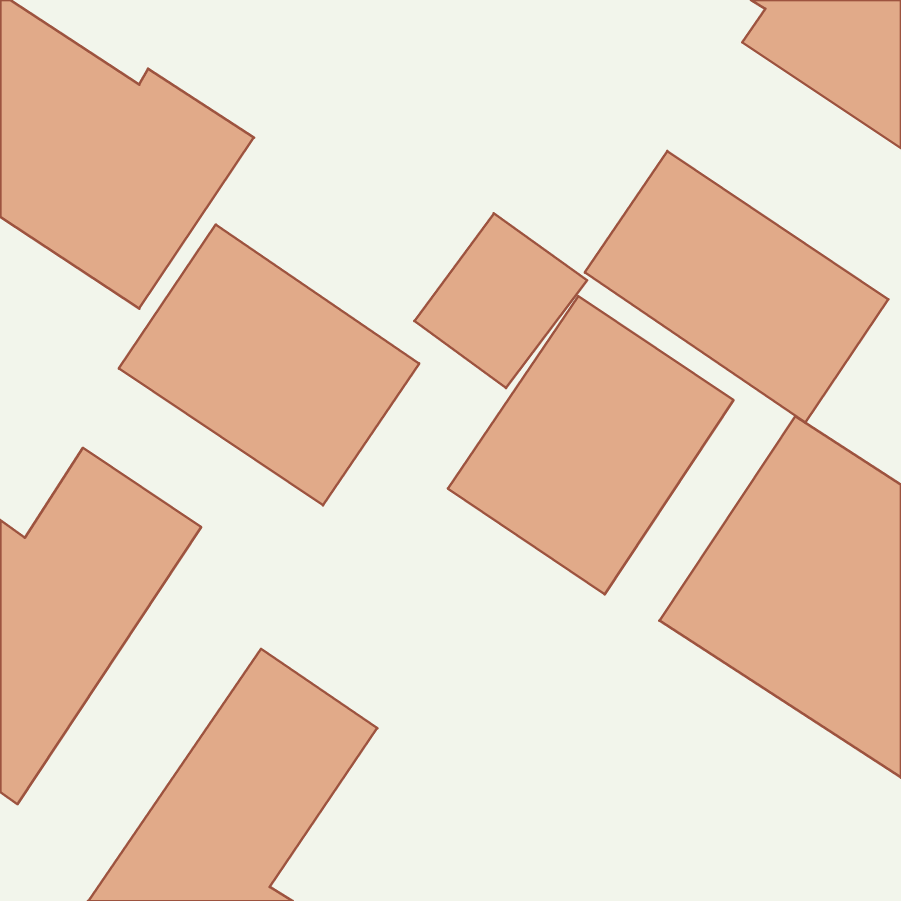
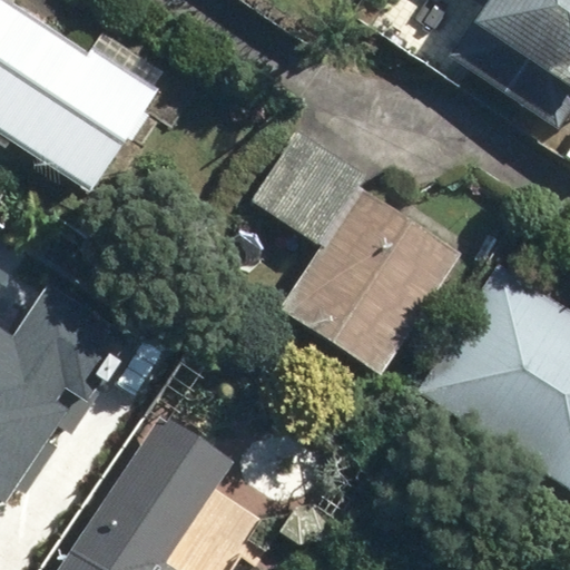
building: [585,151,888,423] -> none
building: [119,225,419,505] -> none

